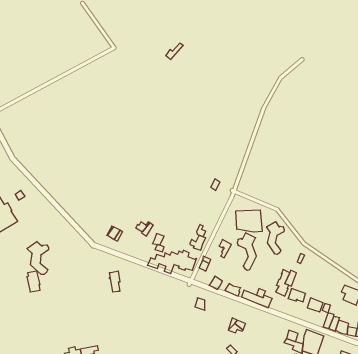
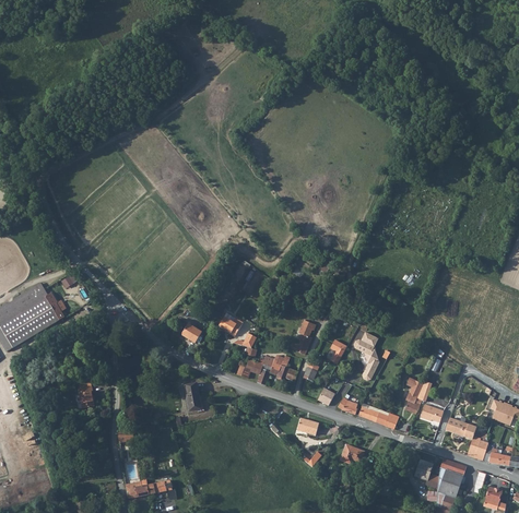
building: [236,210,262,232] -> none
building: [267,222,284,254] -> none
building: [27,241,49,274] -> none

